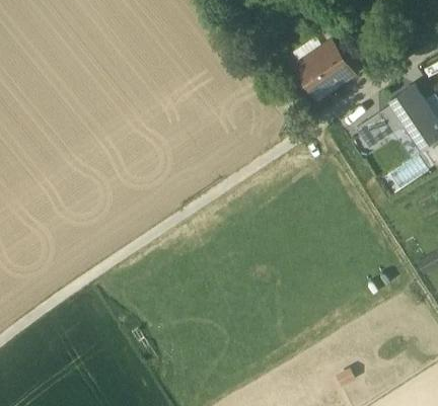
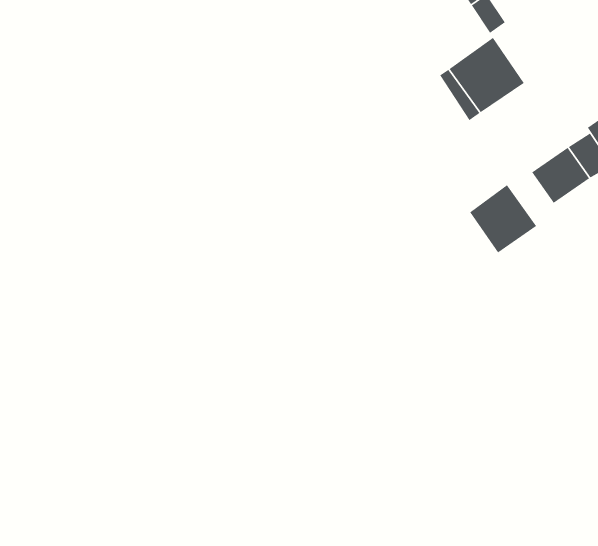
building: none -> [469,184,537,254]

